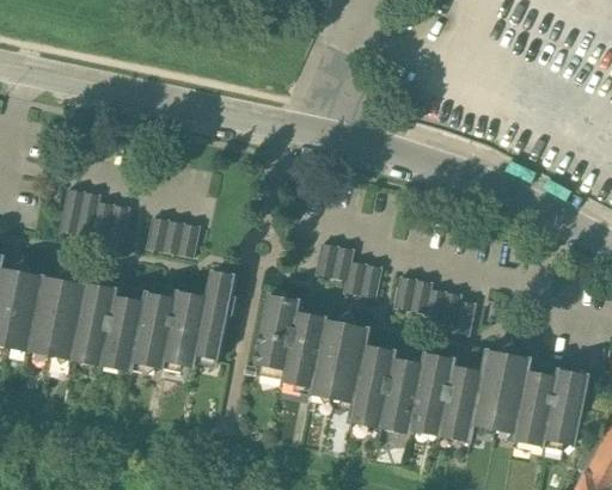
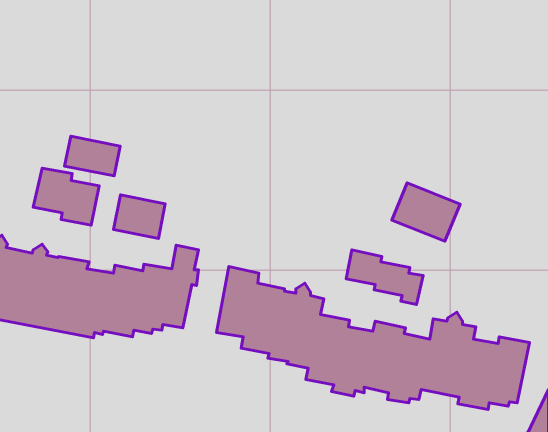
building: none -> [65,136,120,176]
building: none -> [392,183,460,241]
building: [313,243,380,296] -> none

